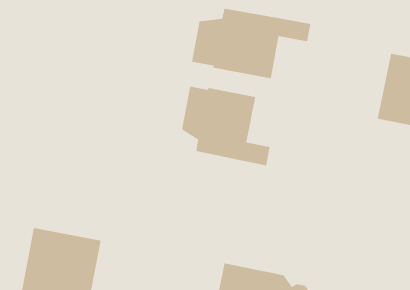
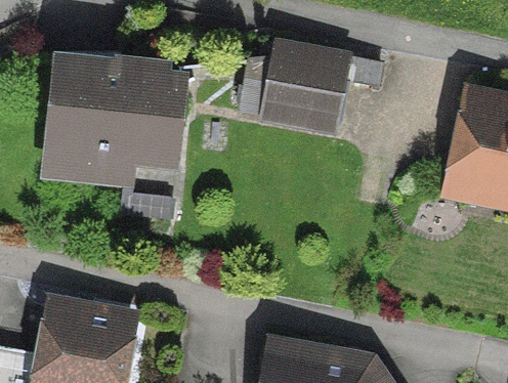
building: none -> [49,63,177,183]
building: [182,86,270,166] -> none

